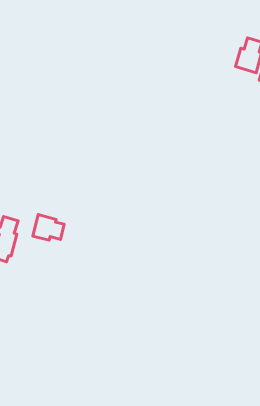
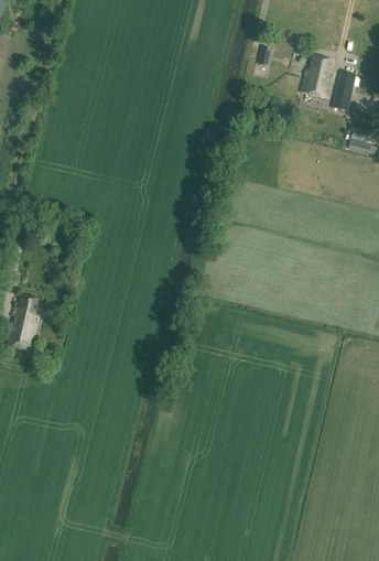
building: [33,214,64,240] -> none

